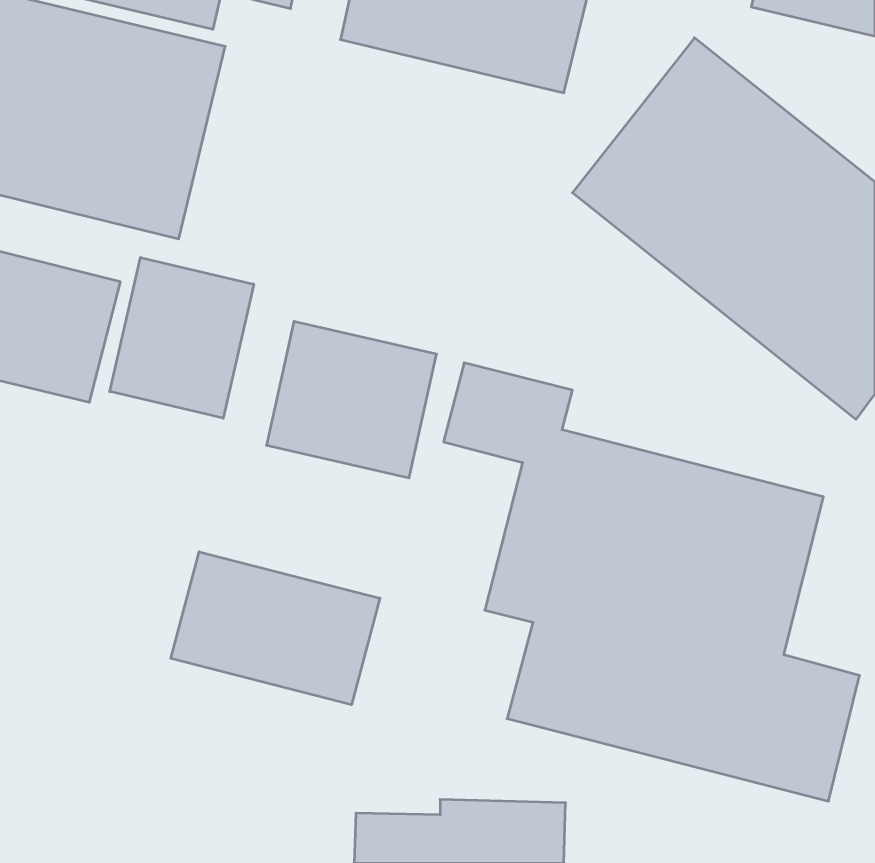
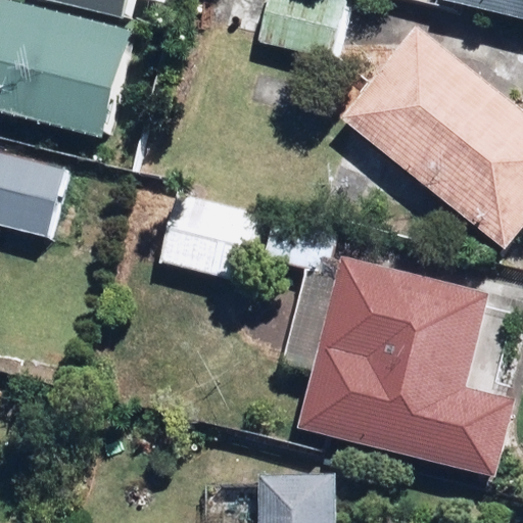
building: [110,257,254,418] -> none
building: [171,552,380,705] -> none

